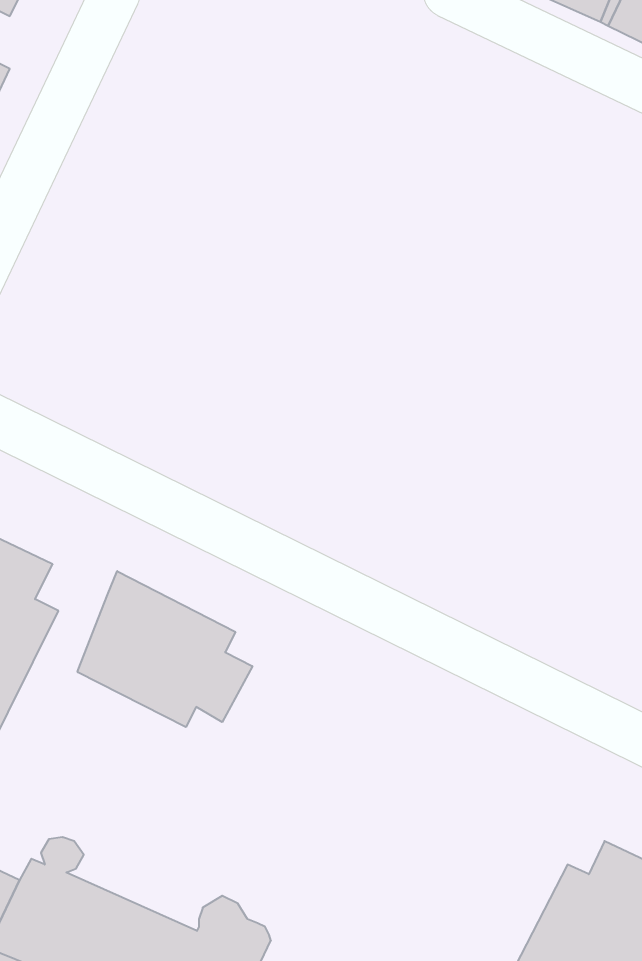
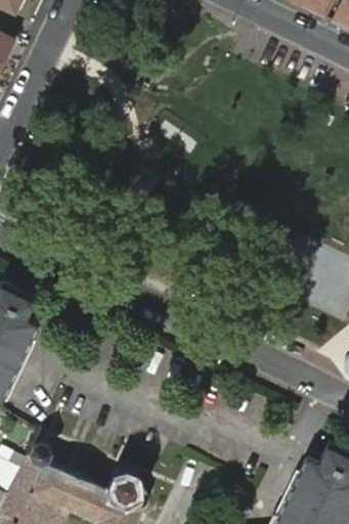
building: [78,571,252,727] -> none

